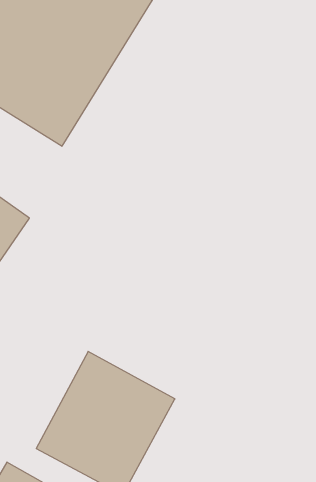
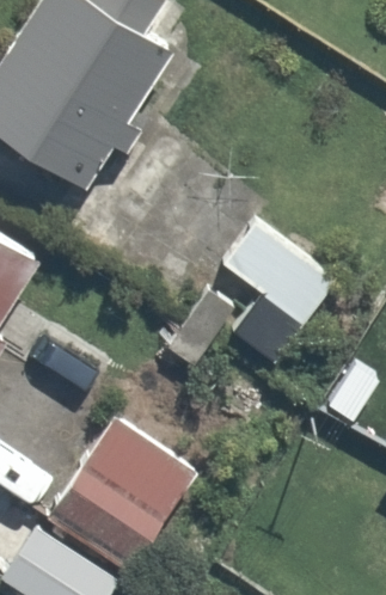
building: none -> [221,213,344,374]

